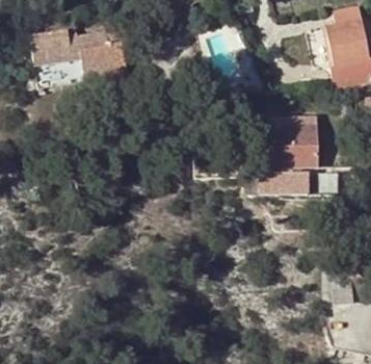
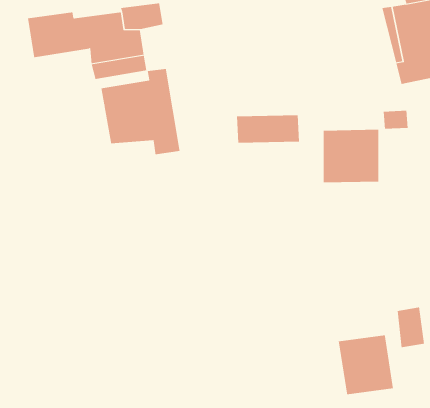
building: none -> [101,68,180,155]
building: [254,175,306,198] -> [236,115,300,143]
building: none -> [338,334,394,395]

